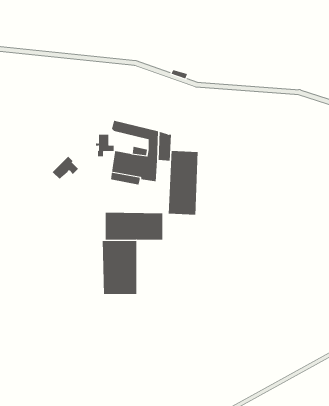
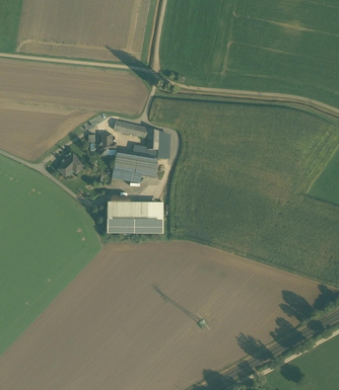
building: [168,150,198,216] -> none
building: [102,240,137,295] -> none

